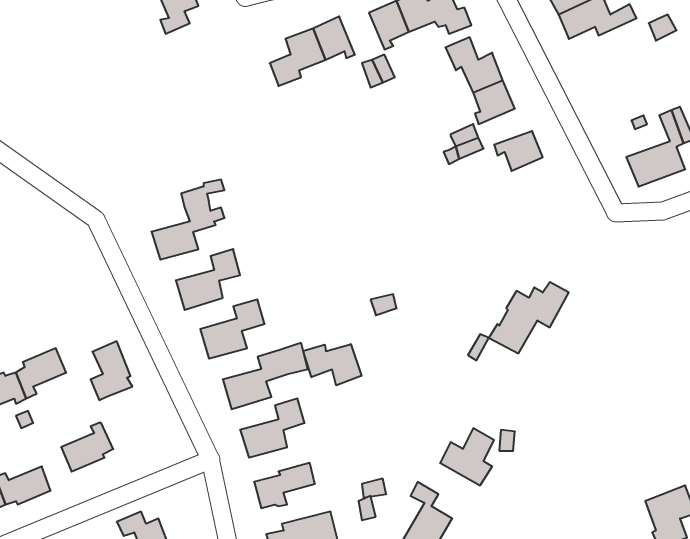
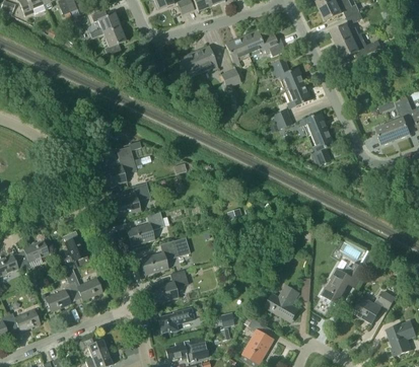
building: none -> [308,128,334,165]
building: [489,282,569,353] -> [321,262,367,303]
building: [303,344,361,385] -> none
building: none -> [64,268,101,300]
building: none -> [353,290,396,323]

